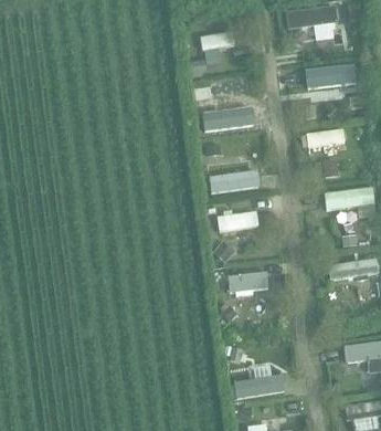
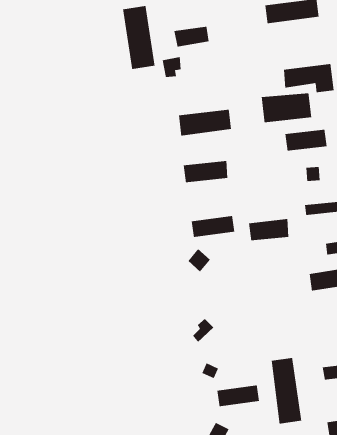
building: none -> [122,5,155,70]
building: none -> [261,92,312,123]
building: [230,270,268,291] -> [248,219,289,241]
building: none -> [271,357,302,424]

